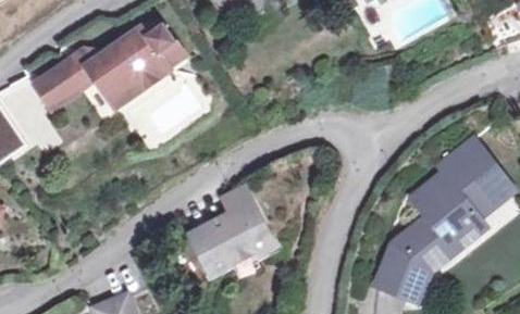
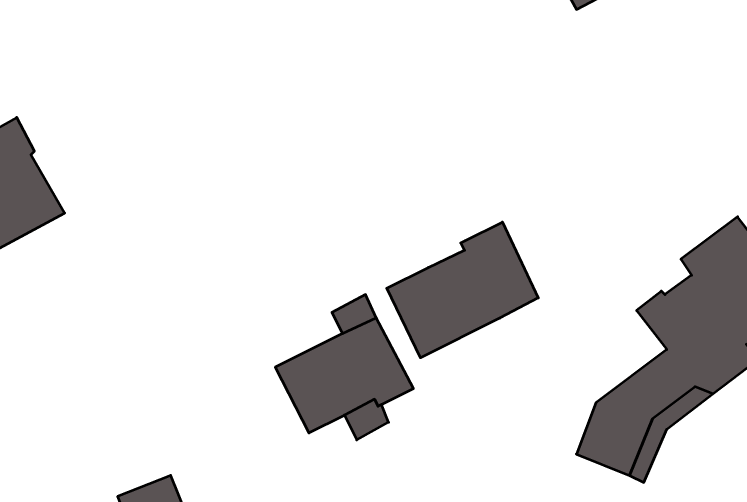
building: [36,25,185,108] -> none
building: none -> [387,222,538,358]

